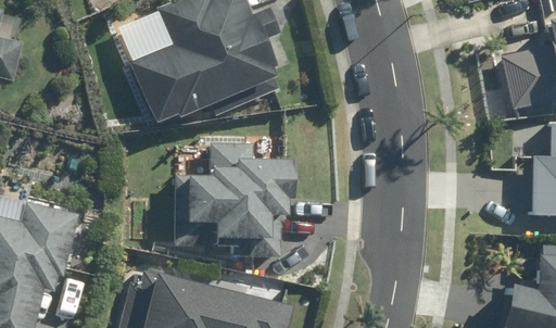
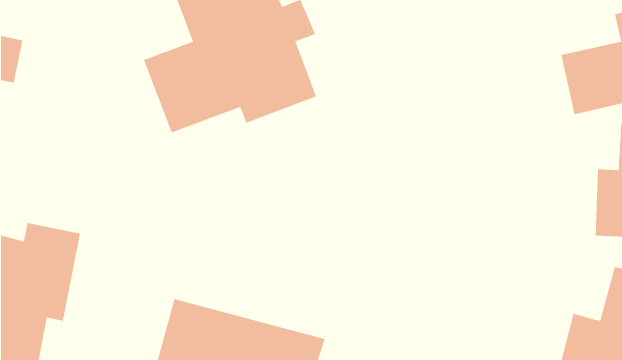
building: [186,136,293,257] -> none

